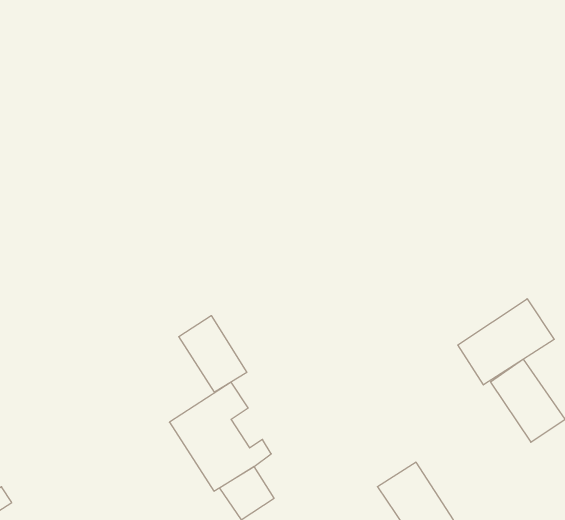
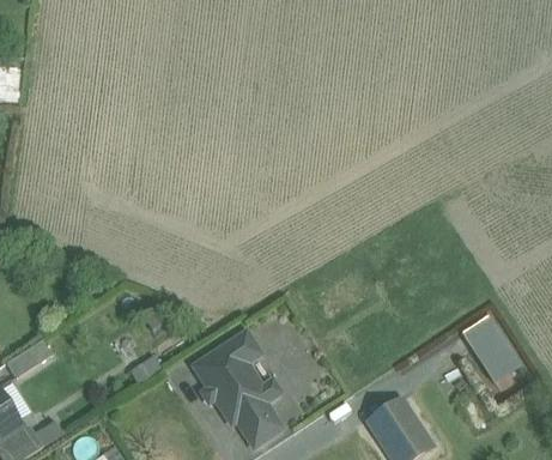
building: [458,299,554,385] -> none
building: [179,316,247,392] -> none

